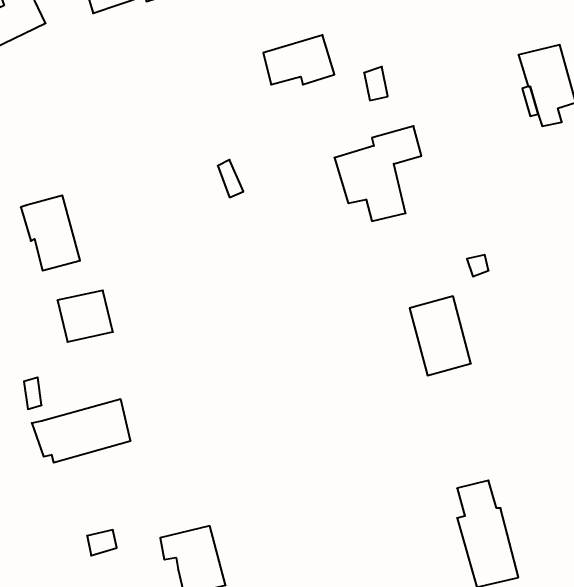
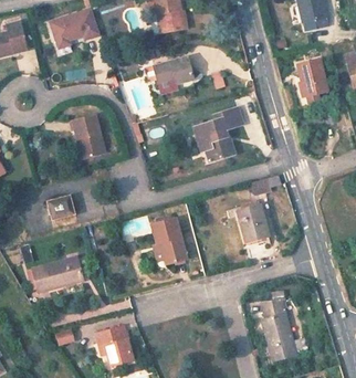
building: [21,195,80,271] -> [69,119,102,161]
building: none -> [153,220,188,266]

